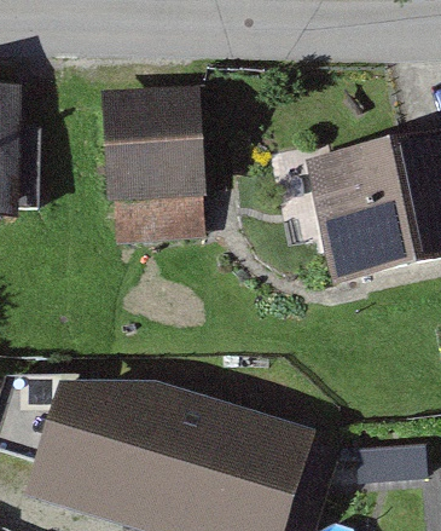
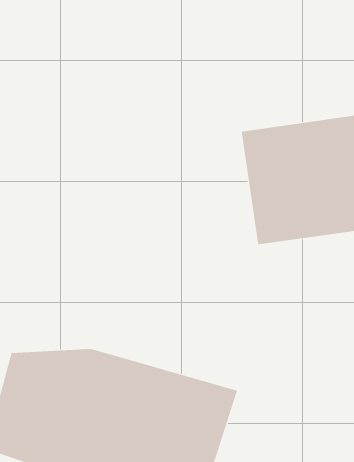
building: [103,91,207,232] -> none

